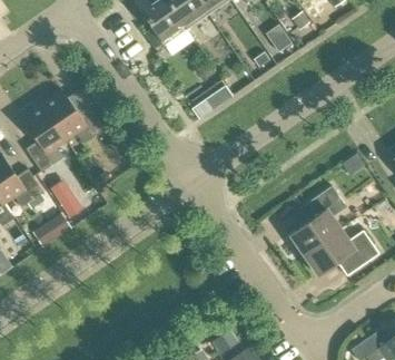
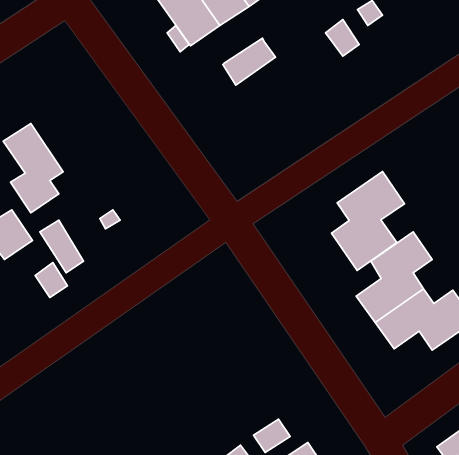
building: [190,81,230,117] -> [223,38,276,85]
building: [42,88,106,143] -> none
building: none -> [332,171,404,271]

